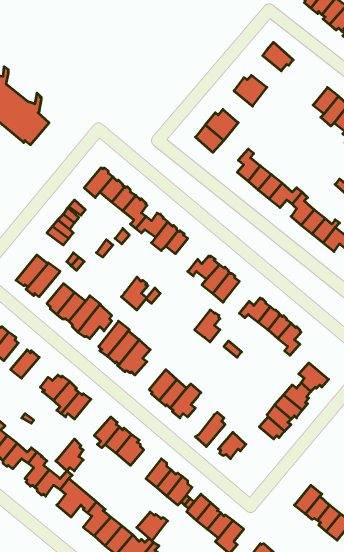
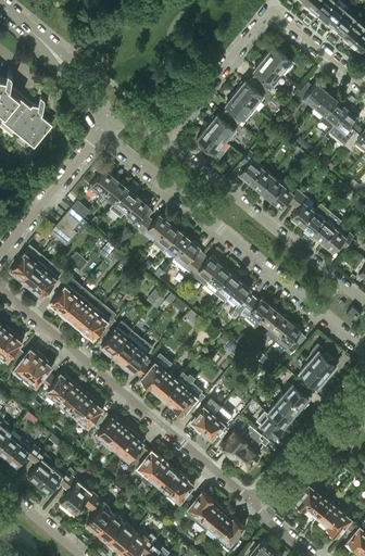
building: none -> [252,60,281,91]
building: none -> [295,83,327,109]
building: none -> [224,94,253,126]
building: none -> [10,247,40,281]
building: [121,277,148,310] -> [174,240,200,273]
building: [195,310,220,342] -> [225,282,250,314]
building: none -> [309,349,336,379]
building: none -> [137,354,172,389]
building: none -> [25,357,51,387]
building: none -> [187,399,221,435]
building: none -> [231,432,269,471]
building: [56,439,83,471] -> [75,399,102,430]
building: [137,512,168,541] -> [133,448,163,477]

